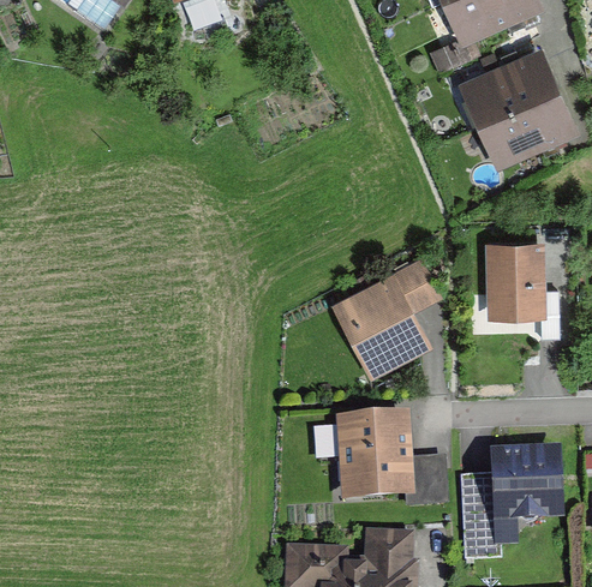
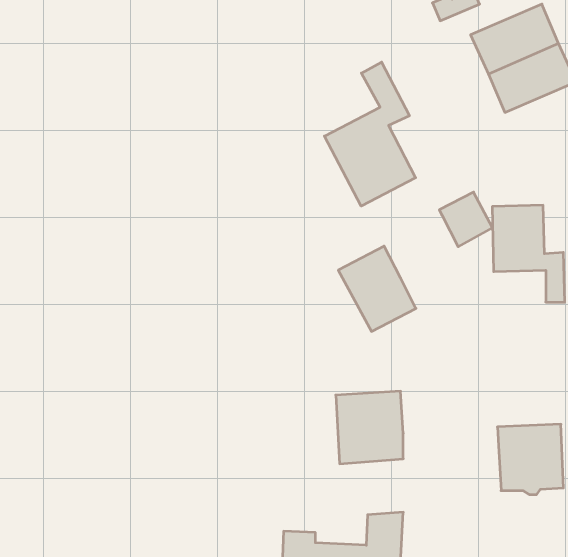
building: none -> [324,62,416,206]
building: [384,263,435,315] -> [439,192,493,247]
building: [405,459,443,503] -> none
building: [459,473,500,559] -> none

